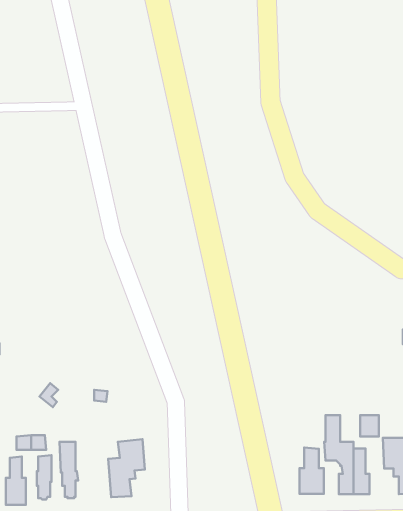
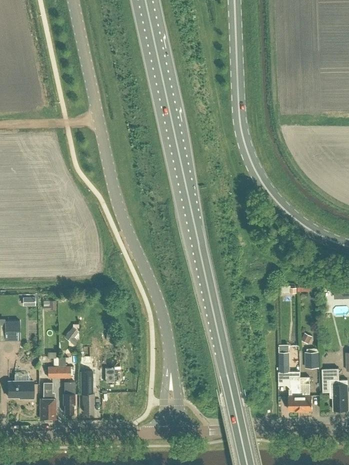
building: [108,439,145,497] -> none
building: [299,447,324,494] -> none

